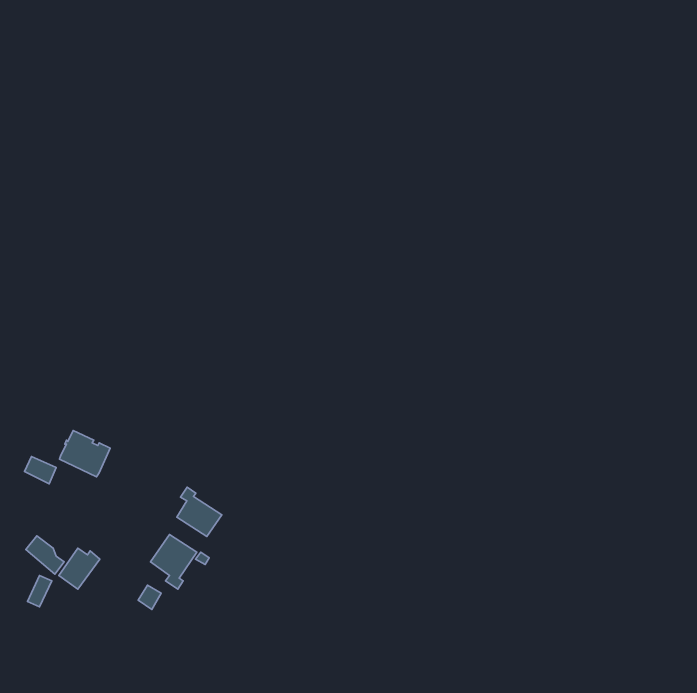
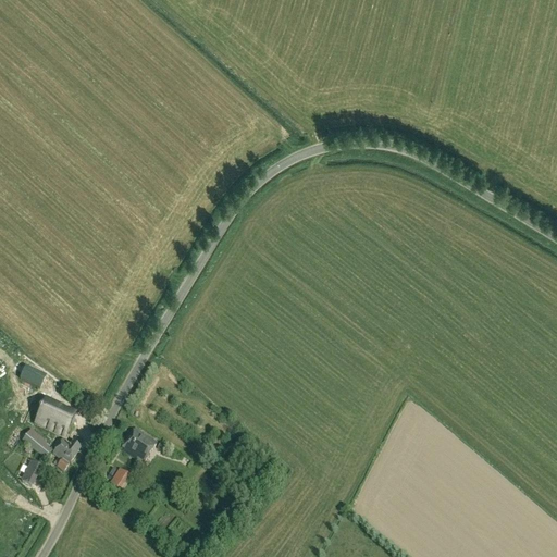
building: [60,430,110,477] -> [34,397,74,434]
building: [177,487,222,536] -> none

